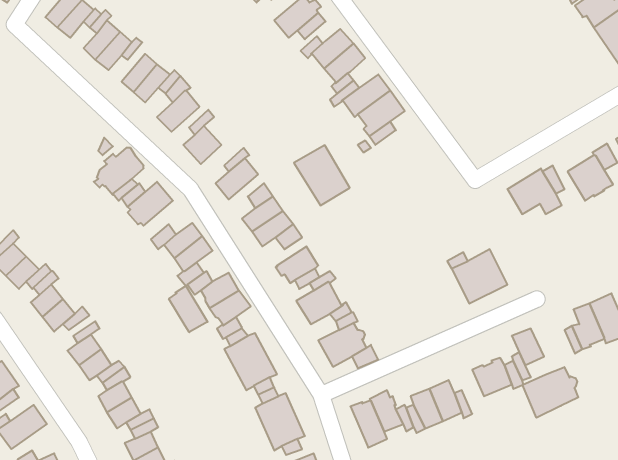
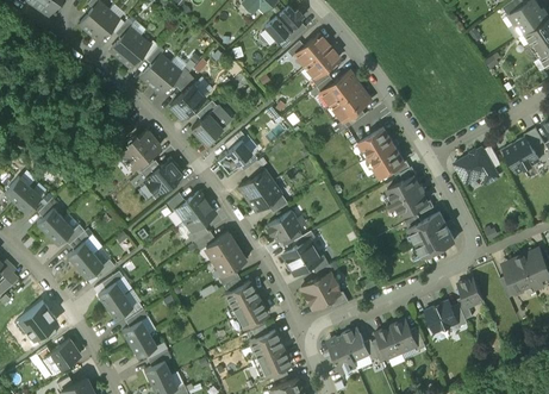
building: [294,145,350,205] -> [358,129,404,177]
building: none -> [387,176,428,217]
building: [169,286,208,332] -> none
building: [522,367,578,418] -> none

